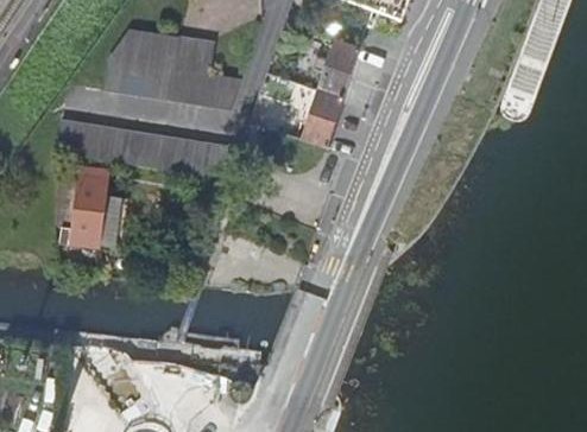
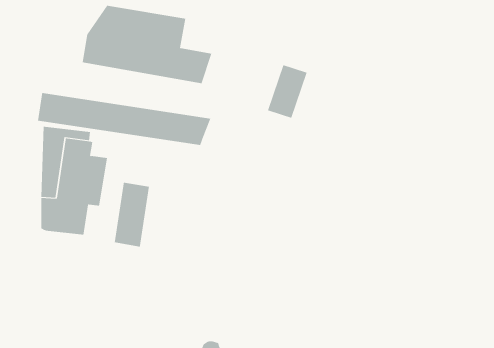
building: [317,39,361,99] -> none
building: none -> [114,182,149,247]

